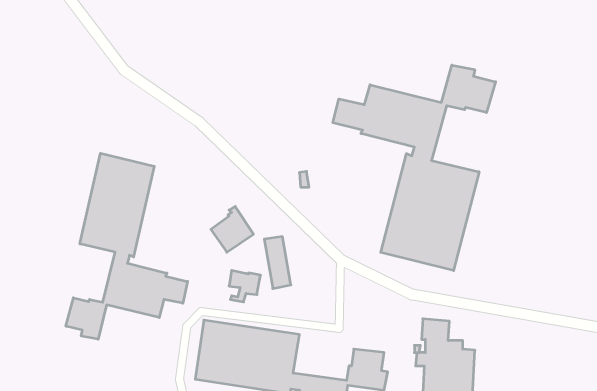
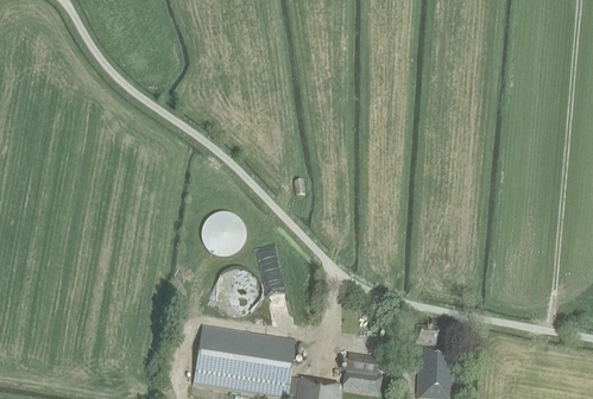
building: [333,65,496,271] -> none
building: [66,153,188,339] -> none

